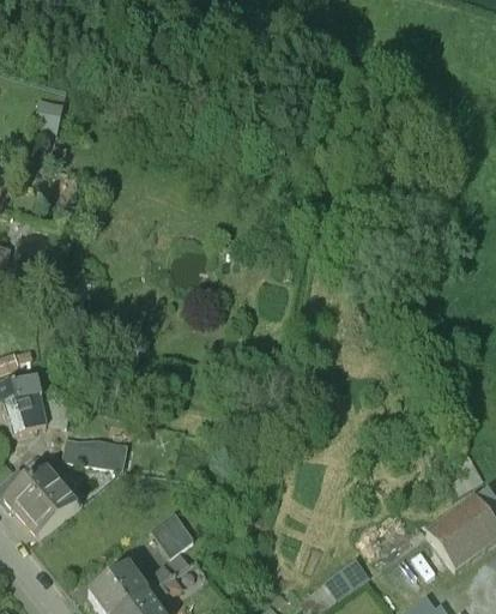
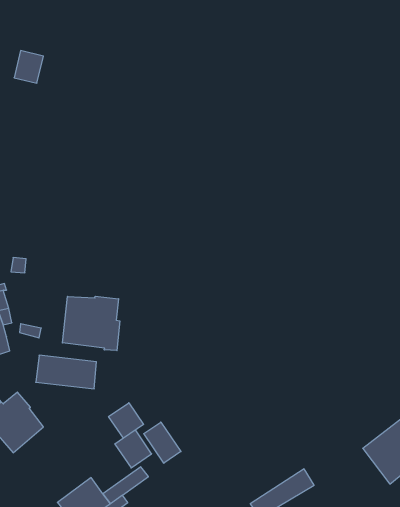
building: none -> [62,296,120,351]
building: none -> [109,403,144,438]
building: none -> [144,422,181,463]

